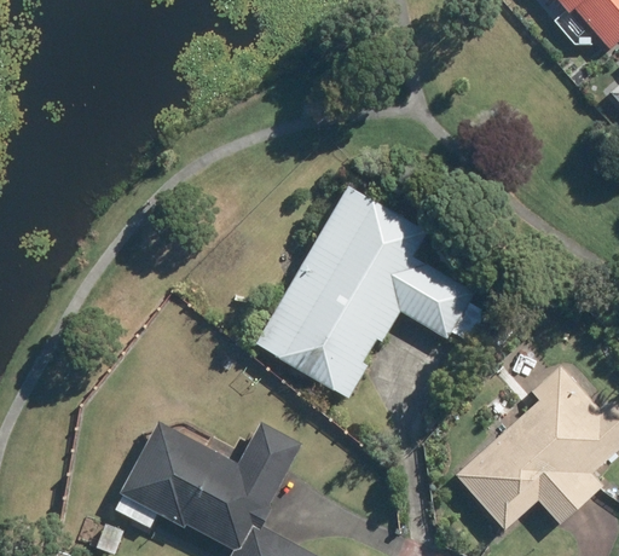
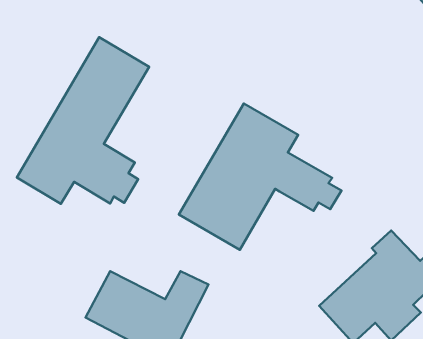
building: none -> [17,37,149,204]

